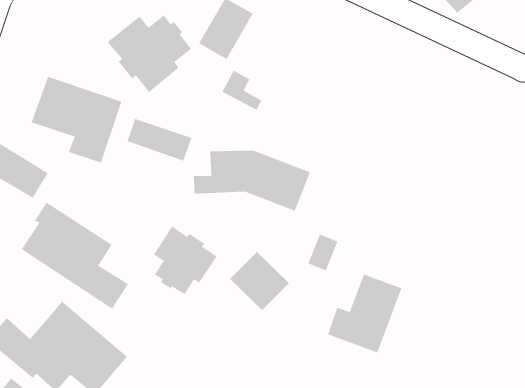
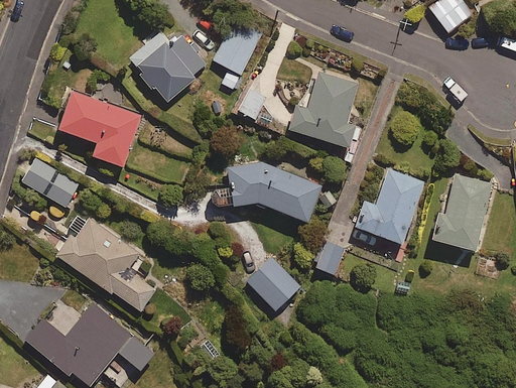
building: none -> [285,71,357,145]
building: [127,118,192,162] -> none
building: none -> [428,172,491,248]
building: [153,226,217,295] -> none
building: [327,274,402,353] -> [354,168,422,241]

